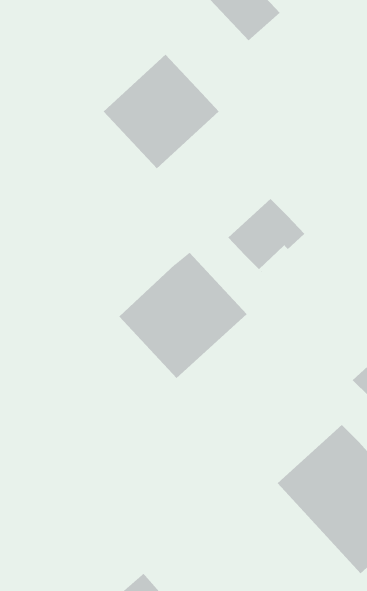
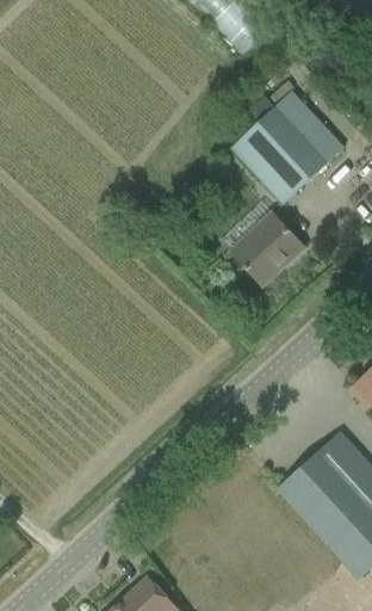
building: [103,54,220,169] -> [231,91,345,203]
building: [118,252,247,379] -> none

